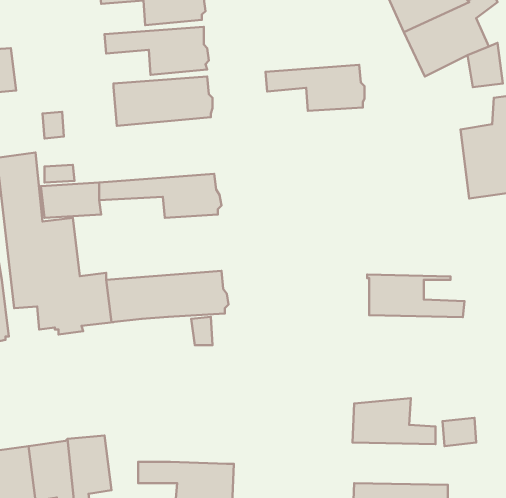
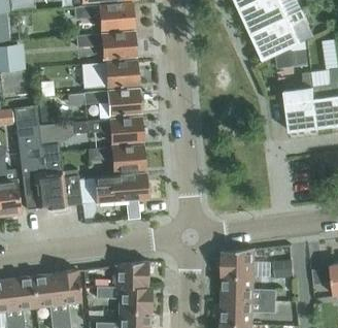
building: [265,65,364,111] -> [83,89,141,116]
building: none -> [88,145,146,172]
building: [367,275,465,317] -> [221,274,277,299]
building: none -> [114,261,147,287]

